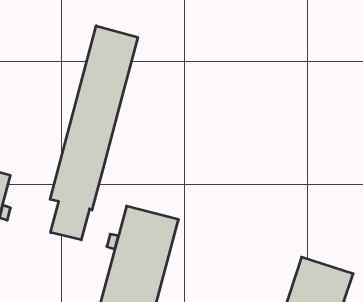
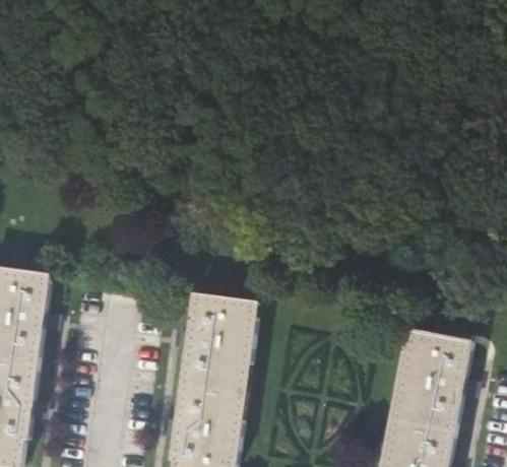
building: [50,26,138,240] -> none

